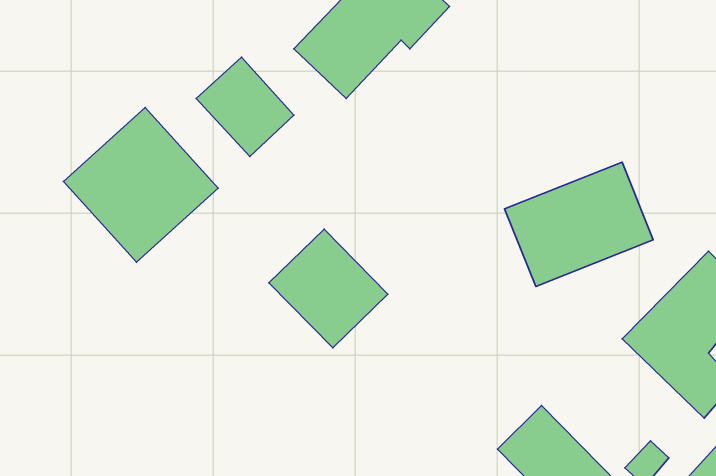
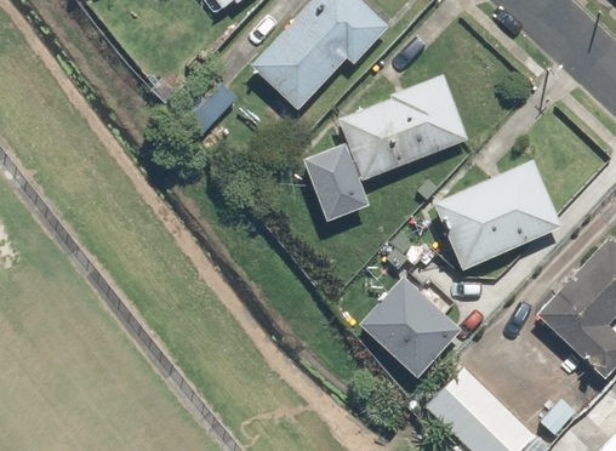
building: none -> [303,74,468,219]
building: [64,108,218,262] -> none
building: [269,229,388,348] -> [361,275,463,377]

